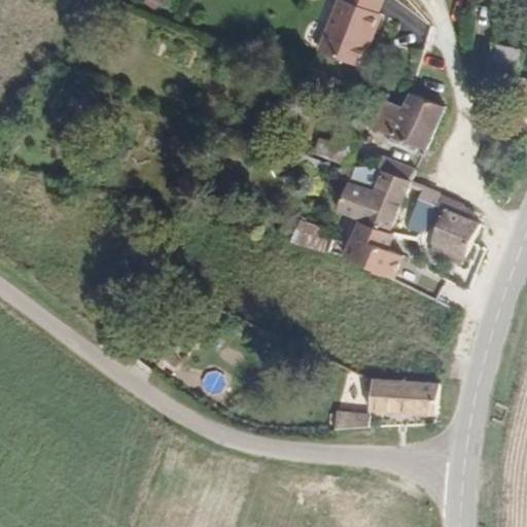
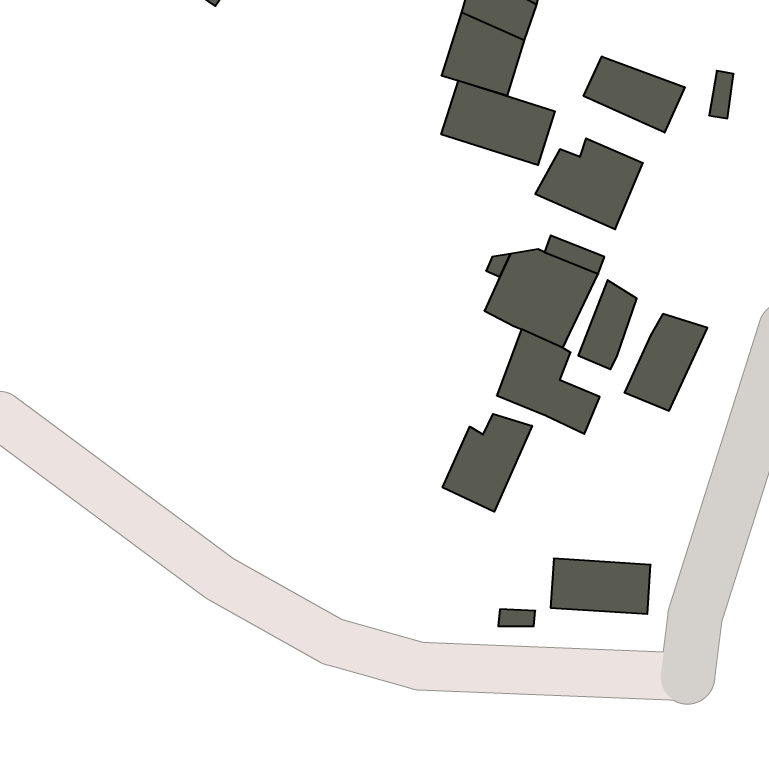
building: none -> [584,56,685,133]
building: none -> [441,81,555,165]
building: none -> [443,414,532,512]

